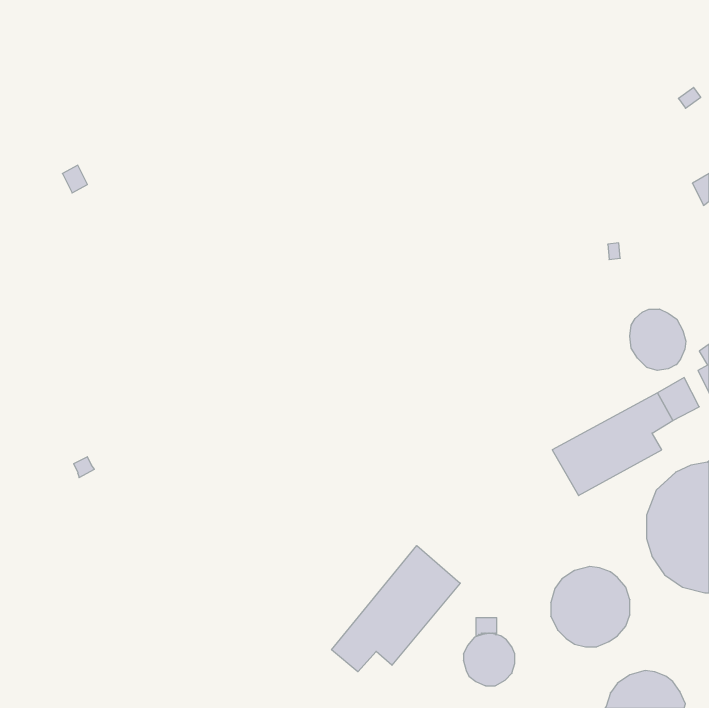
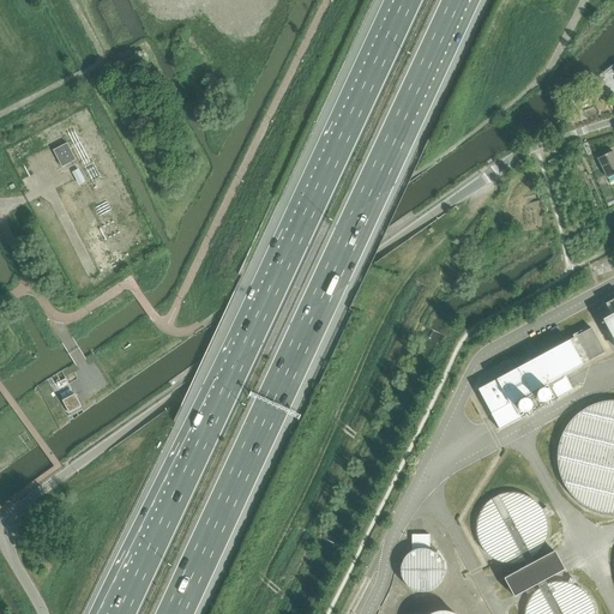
building: [630,309,686,370] -> none
building: [332,546,460,672] -> none
building: none -> [504,549,565,595]

